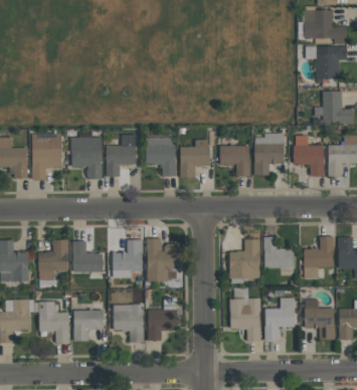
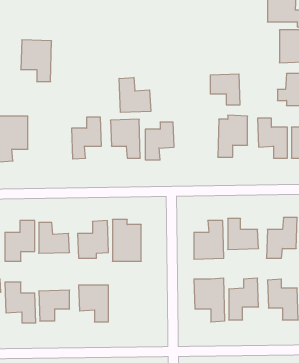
building: none -> [119,77,151,112]
building: [70,137,102,179] -> [21,40,52,82]
building: [219,145,249,176] -> [210,74,240,105]
building: [147,309,178,341] -> none

